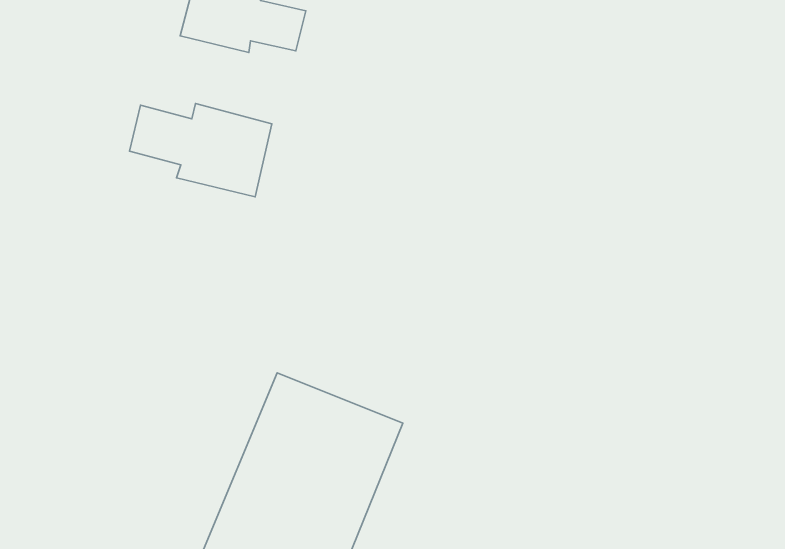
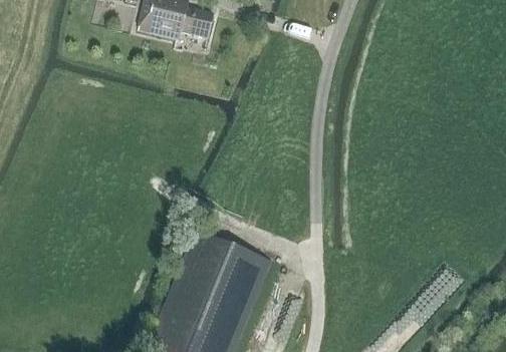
building: [129,104,272,197] -> none

